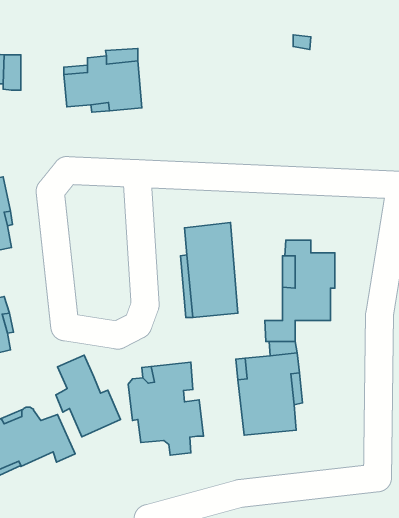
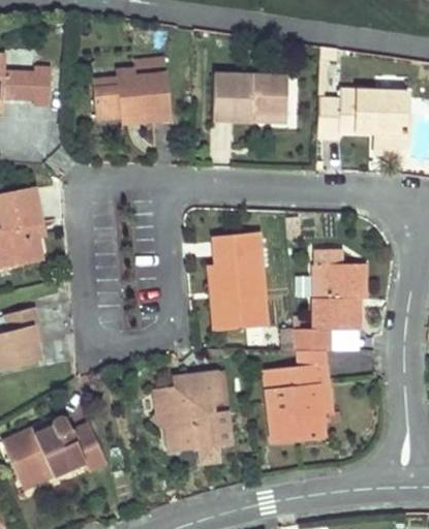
building: none -> [212,74,288,123]
building: none -> [316,91,407,155]
building: [56,355,120,437] -> none

